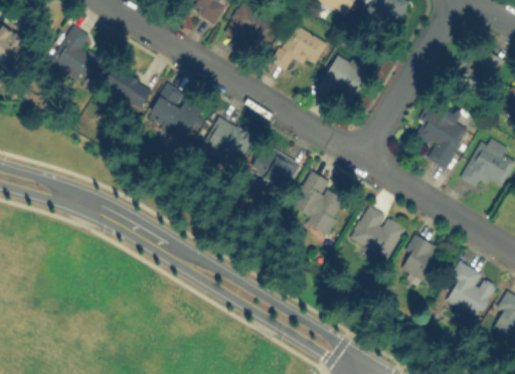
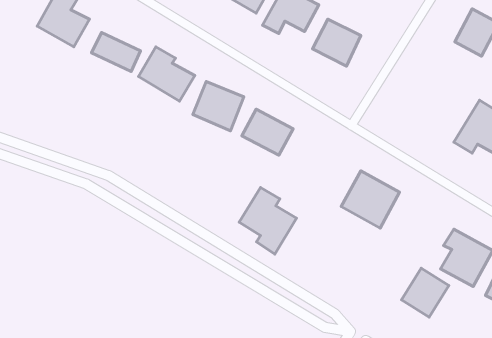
building: [413,109,468,169] -> none
building: [291,171,347,236] -> [239,187,296,254]
building: [398,235,445,284] -> [402,268,449,317]

